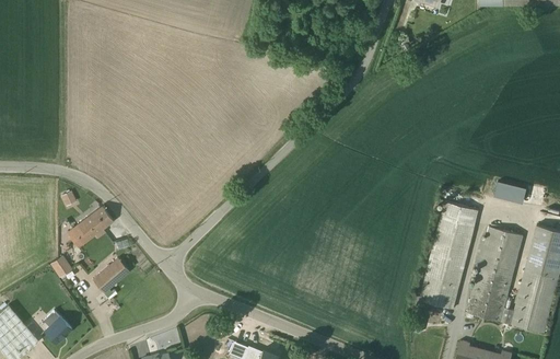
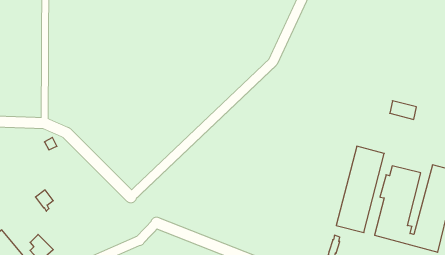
building: [491,180,524,202] -> [390,101,416,119]
building: [67,208,113,248] -> none
building: [91,258,129,294] -> none

